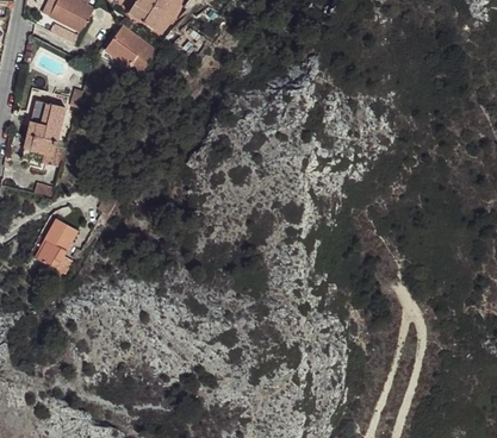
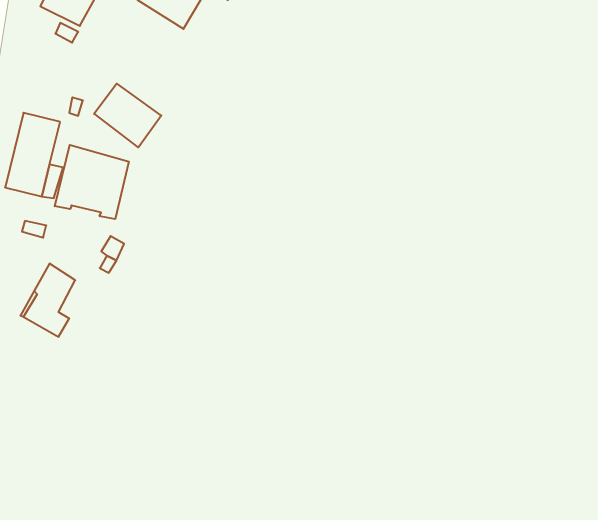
building: [104,25,156,75] -> [94,84,161,147]
building: none -> [55,145,129,219]

